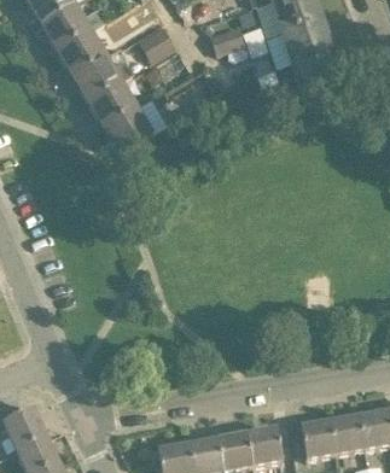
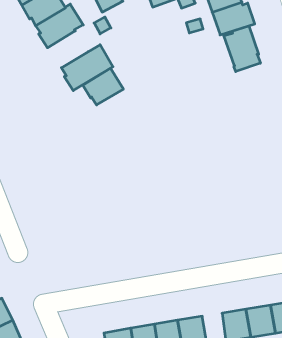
building: none -> [224,26,260,72]
building: [87,82,136,127] -> [83,68,123,105]

